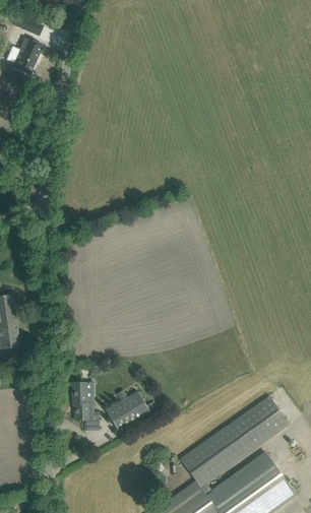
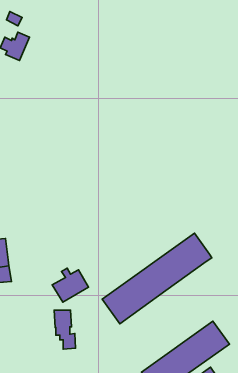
building: none -> [102,233,212,324]
building: [105,390,149,432] -> [52,268,88,302]

